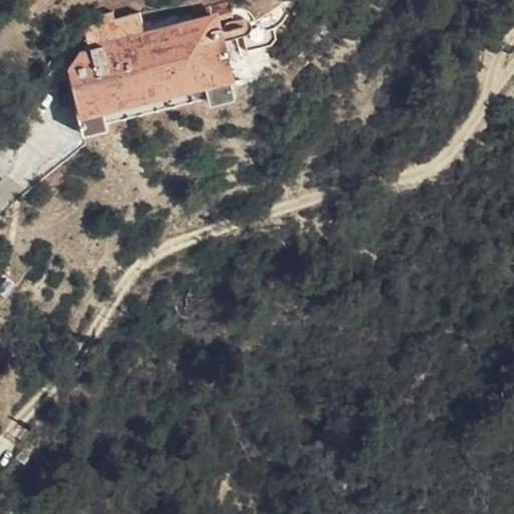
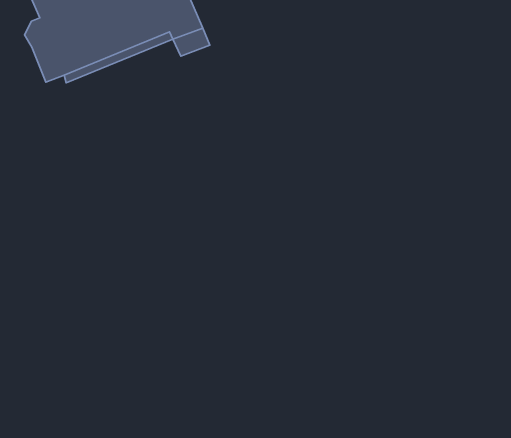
building: [70,79,110,140] -> none

